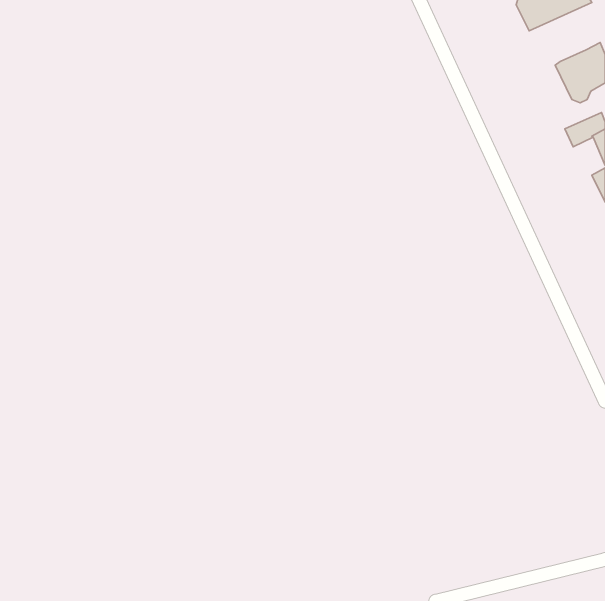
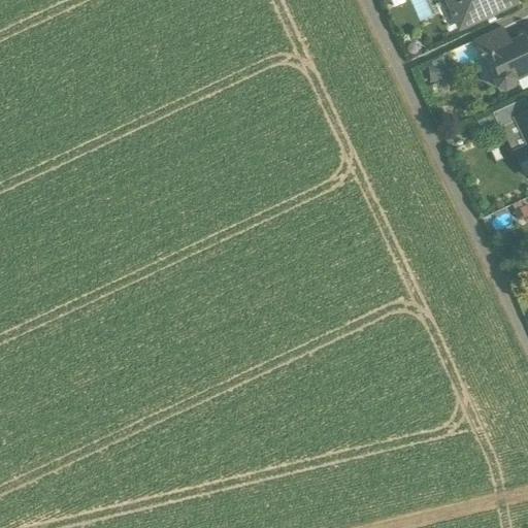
building: none -> [473,26,510,58]

